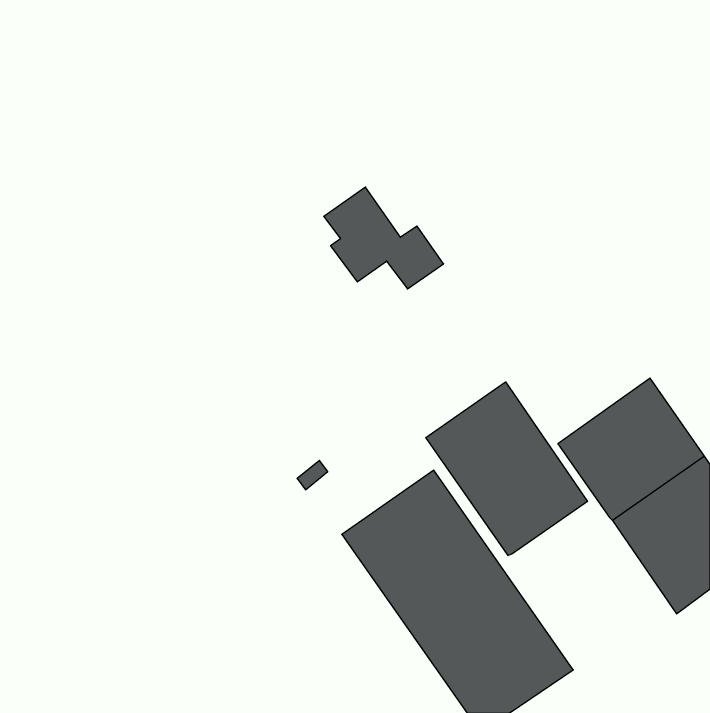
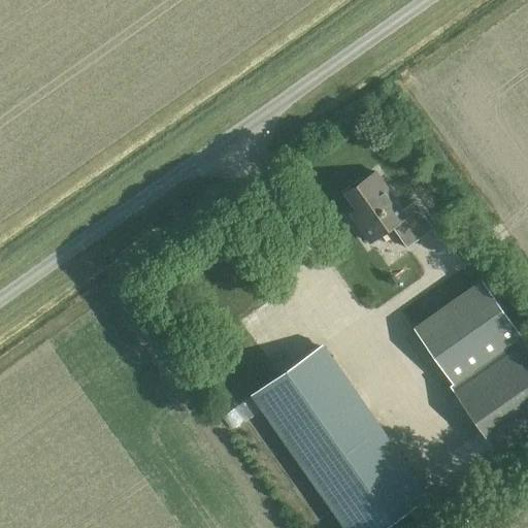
building: [324,187,444,289] -> [343,172,432,248]
building: [426,382,587,556] -> none

